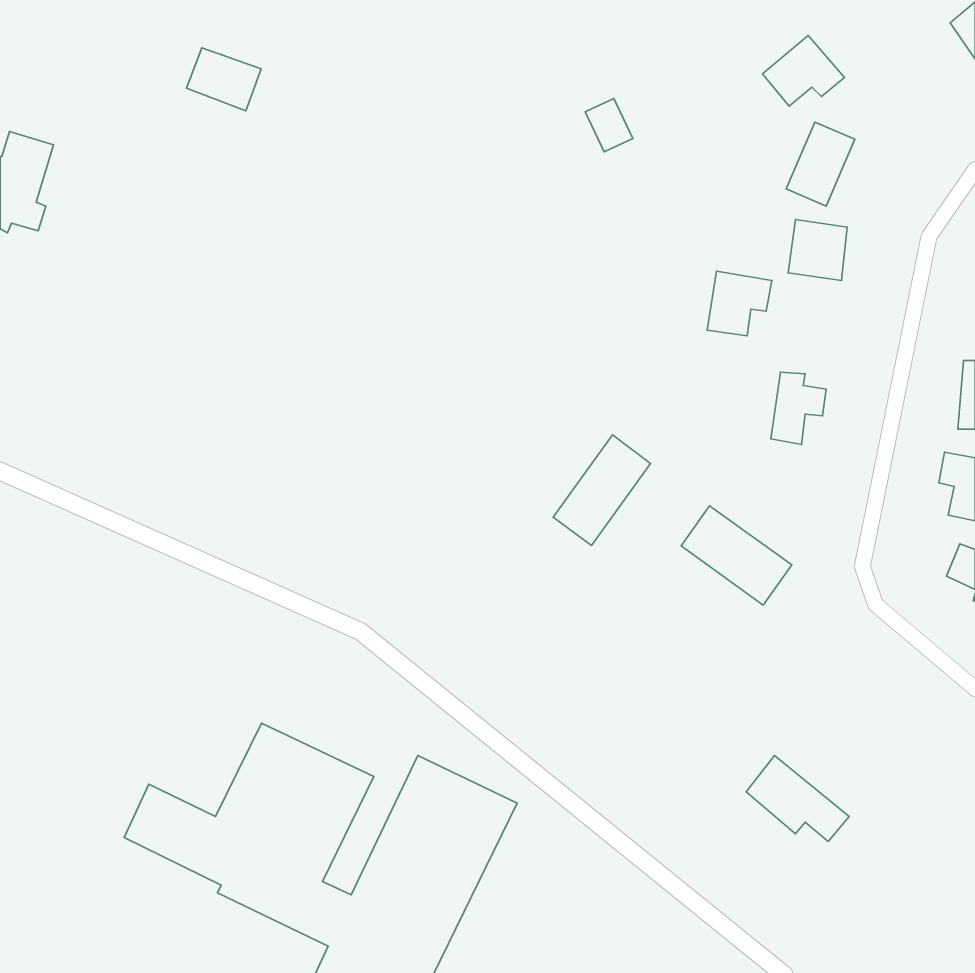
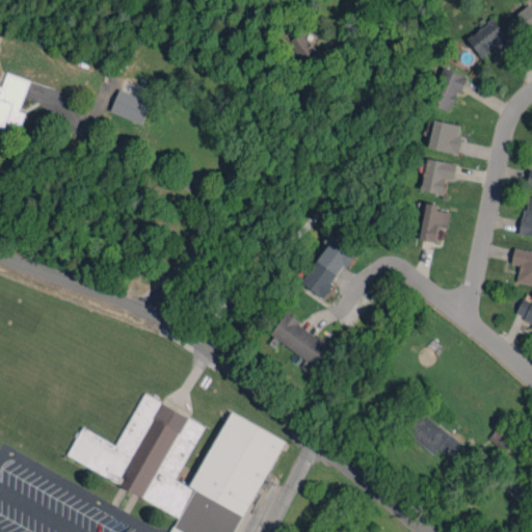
building: [762,36,844,106] -> [468,19,512,57]
building: [187,48,261,111] -> [110,90,151,125]
building: [585,98,633,152] -> [290,33,316,62]
building: [707,271,772,336] -> [421,159,456,194]
building: [681,506,792,605] -> [270,313,330,367]

